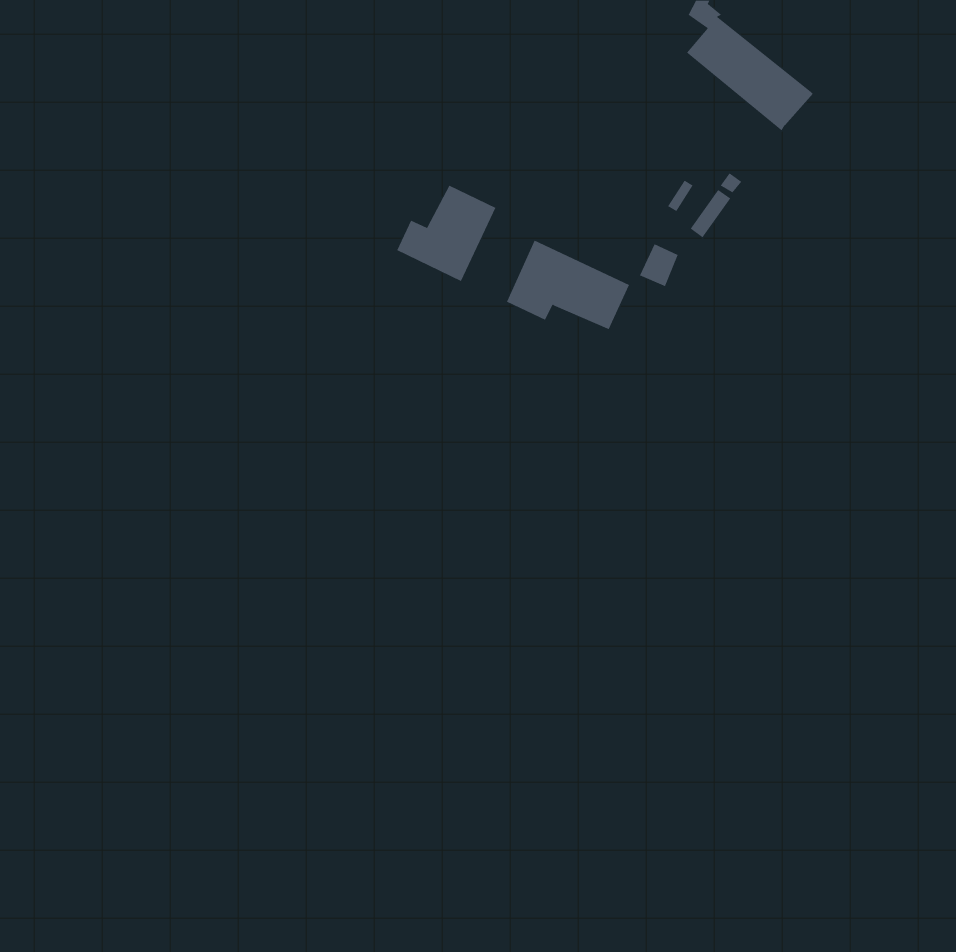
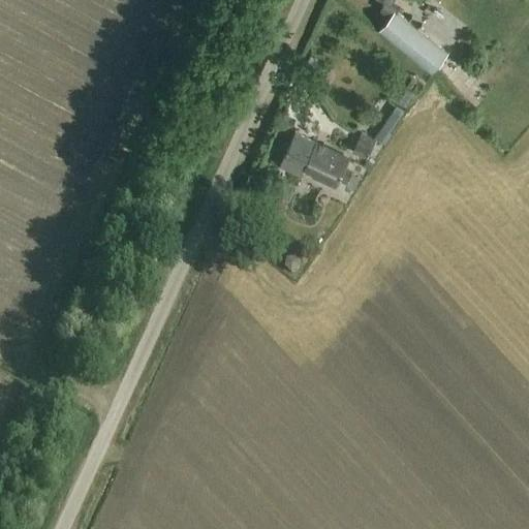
building: [397,185,496,282] -> none

